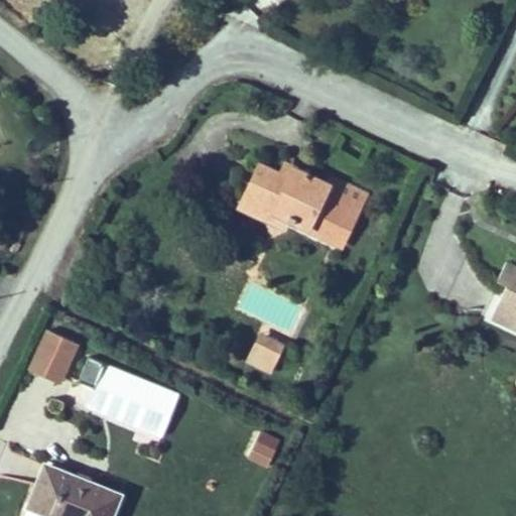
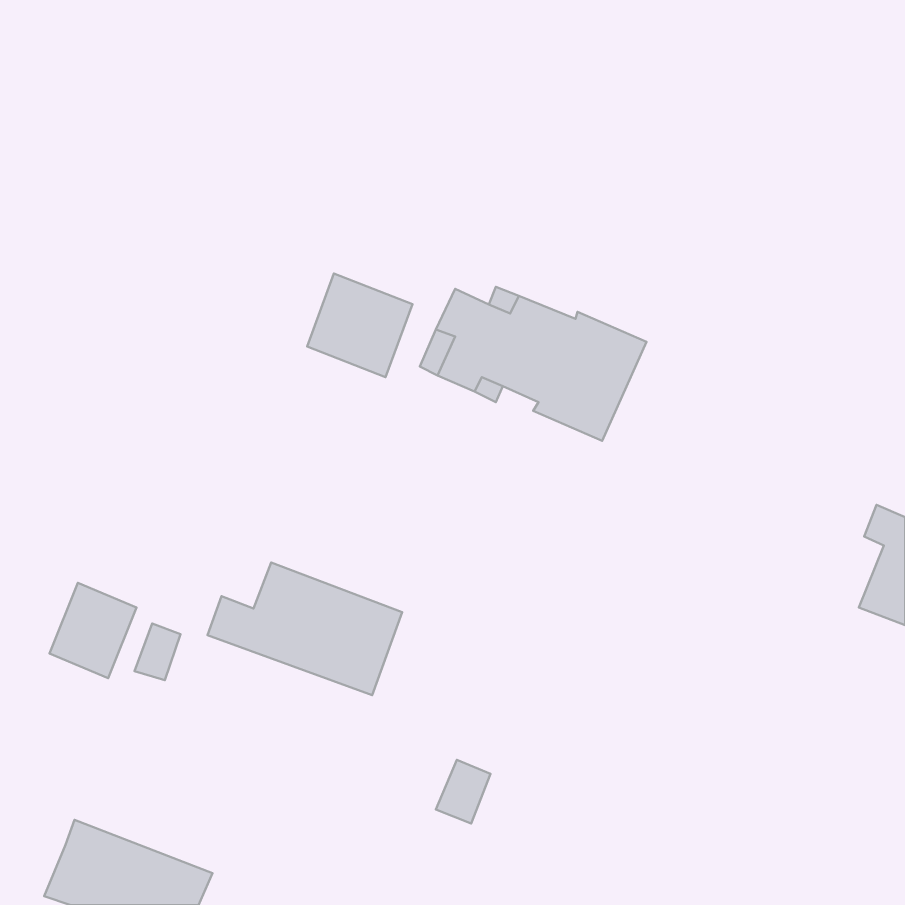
building: none -> [307,274,412,377]
building: [245,334,285,376] -> none
building: [70,365,180,440] -> [207,562,402,695]

